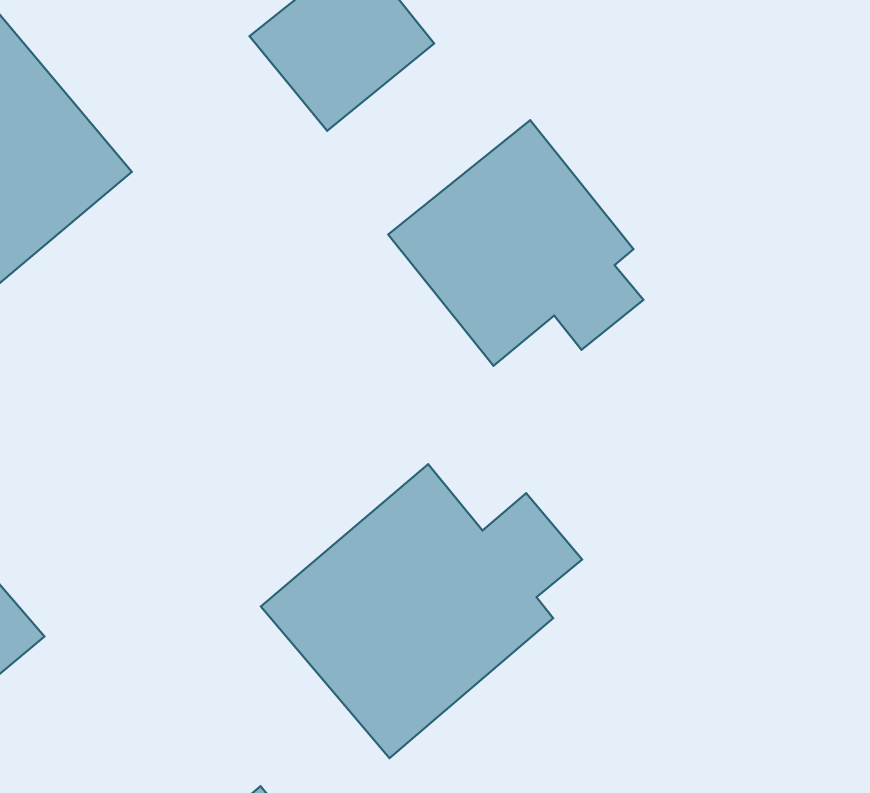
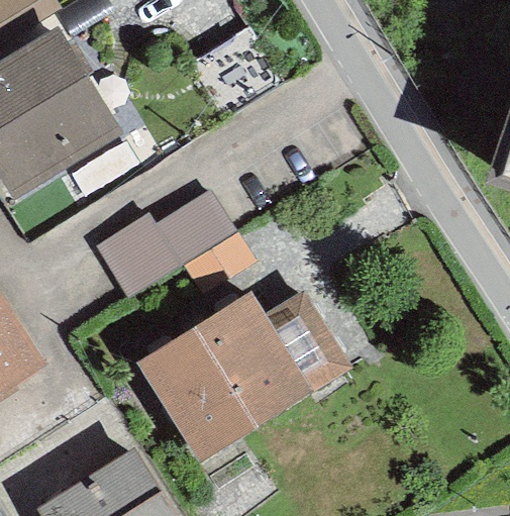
building: [388,120,644,366] -> none
building: none -> [96,189,236,296]

